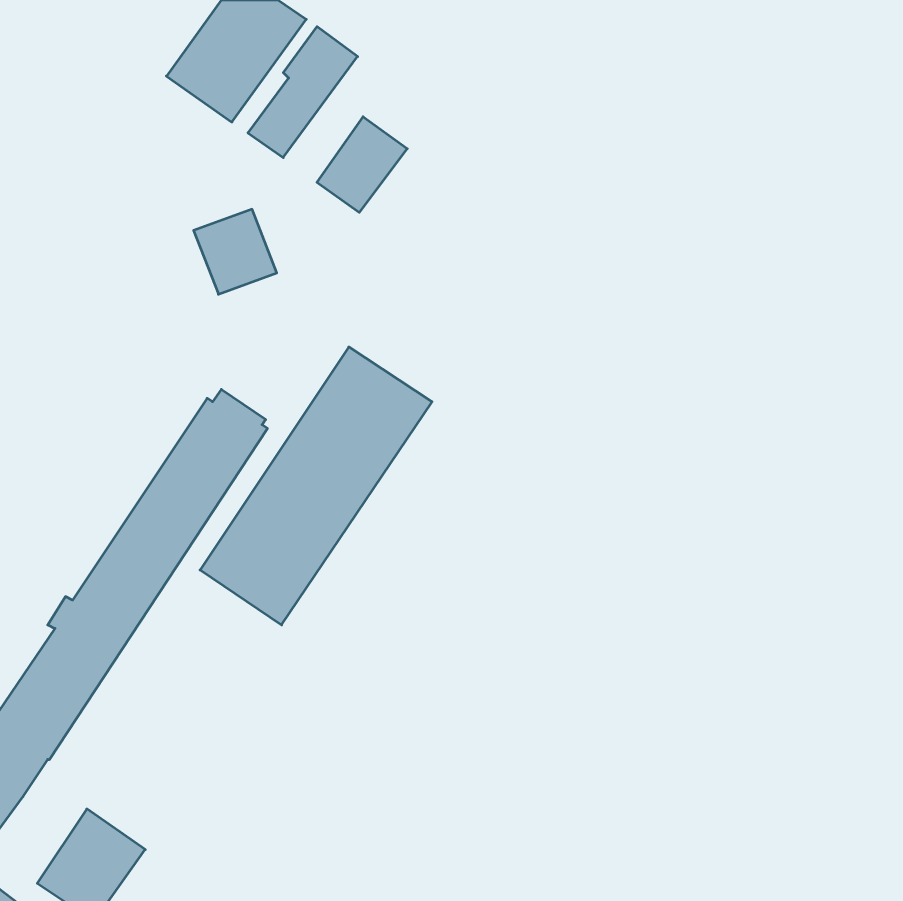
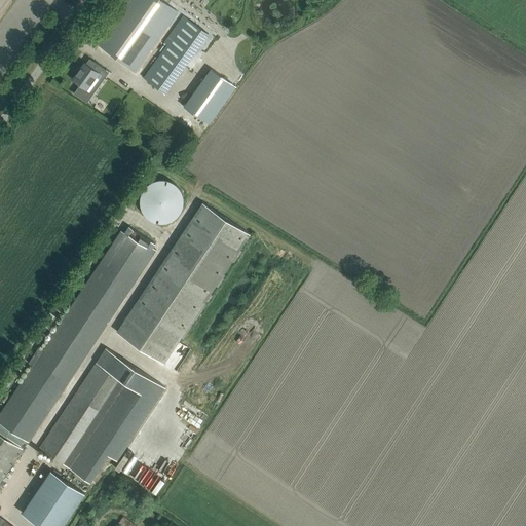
building: none -> [72,63,105,102]
building: [194,209,277,294] -> [137,178,185,227]
building: none -> [38,349,164,483]

